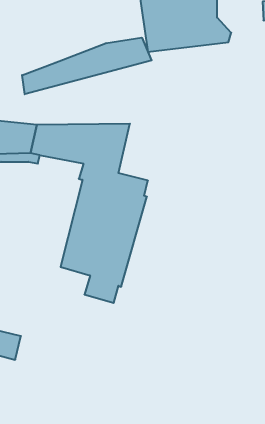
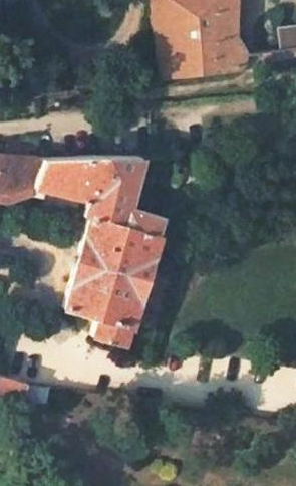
building: [22,38,152,94] -> none

